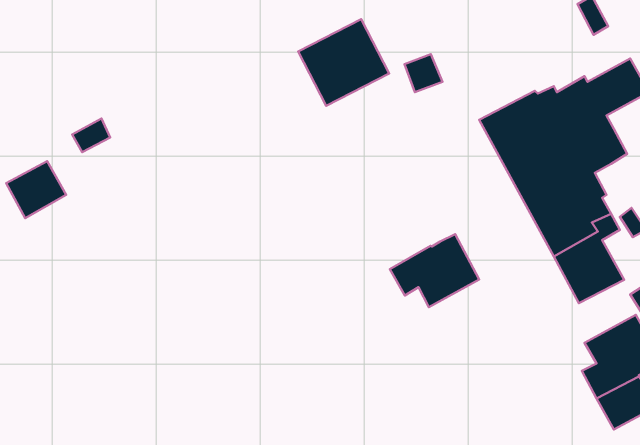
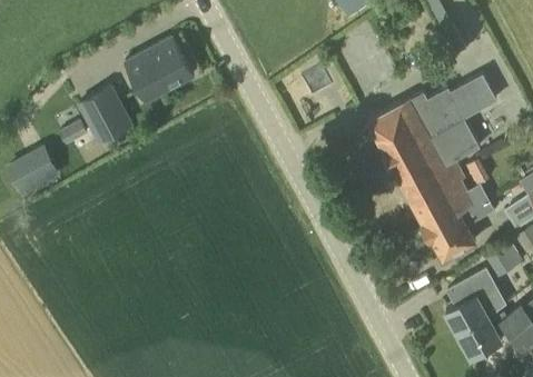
building: [298,19,389,106] -> [126,36,195,101]
building: none -> [76,83,132,142]
building: [390,234,479,307] -> none

